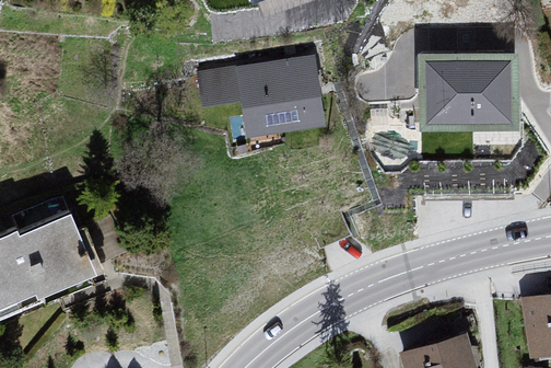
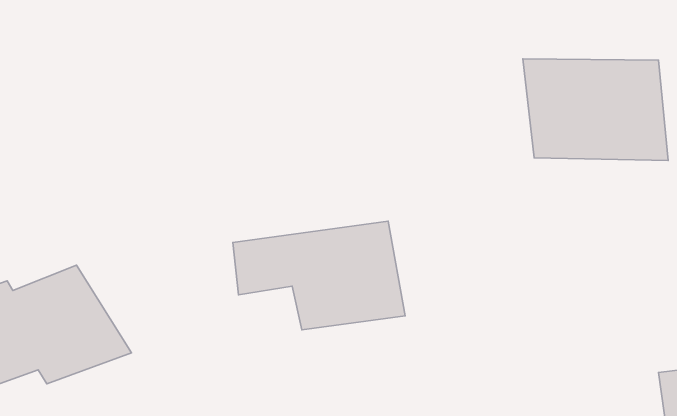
building: [194,58,327,142] -> [233,221,405,330]

